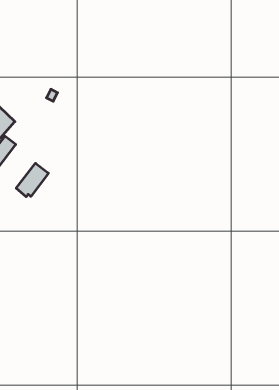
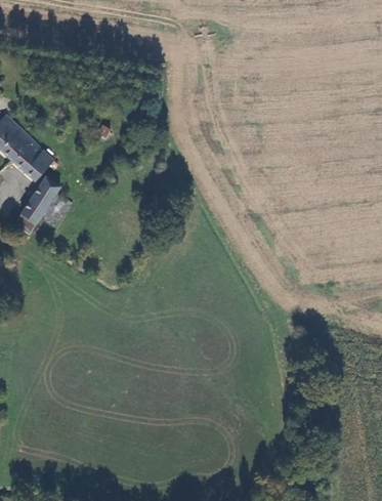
building: [16,163,48,197] -> none

